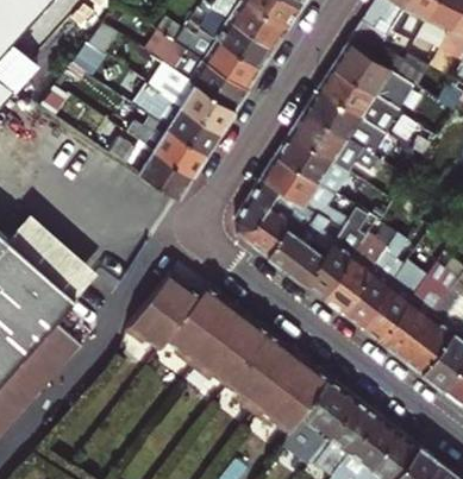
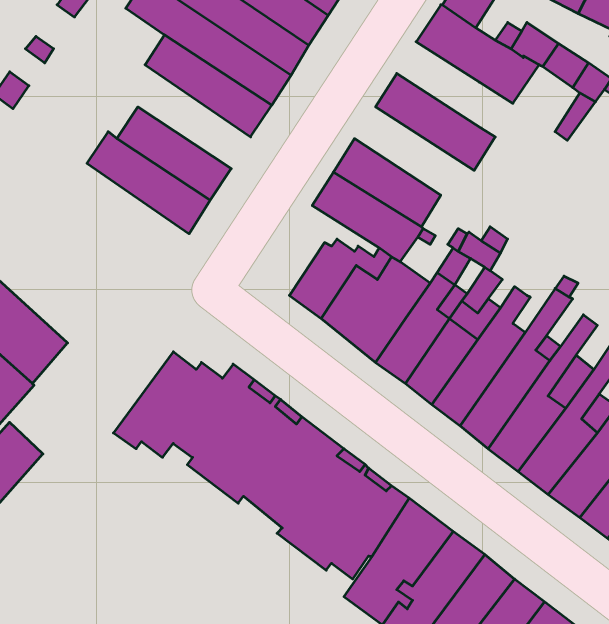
building: [318,69,378,127] -> none
building: [132,84,219,155] -> none
building: [289,113,384,177] -> none
building: [233,179,306,240] -> none

